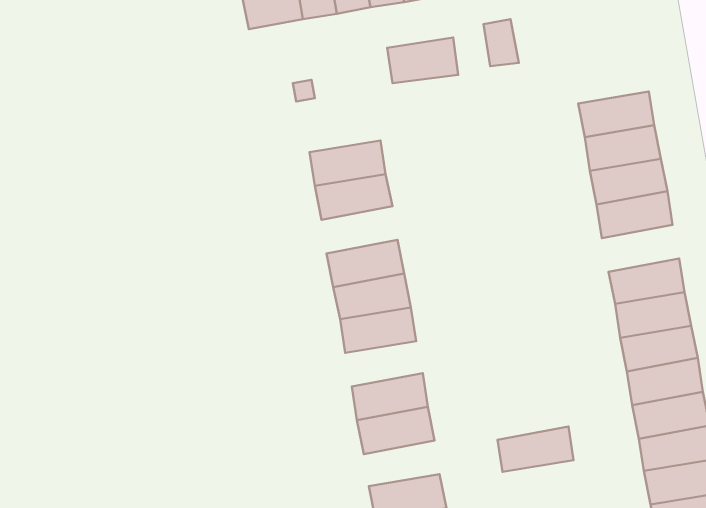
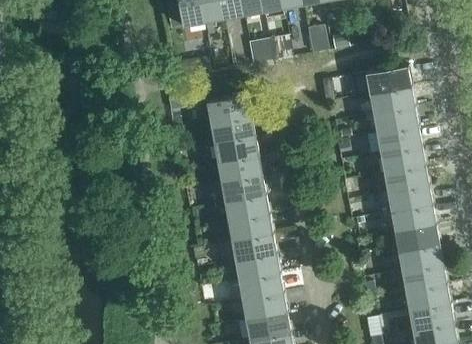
building: none -> [213,134,258,162]
building: none -> [379,145,425,173]
building: none -> [227,214,273,241]
building: [498,426,573,472] -> [238,273,283,300]

